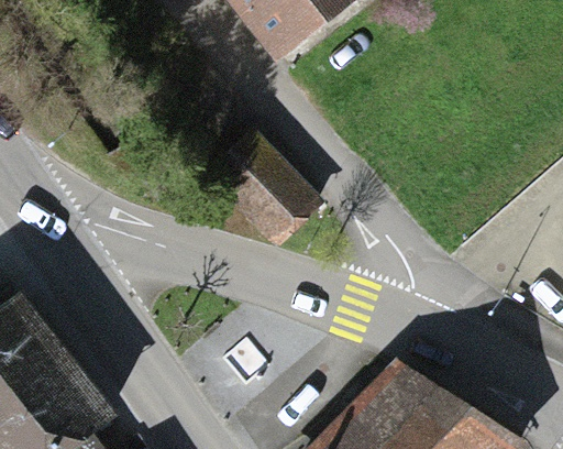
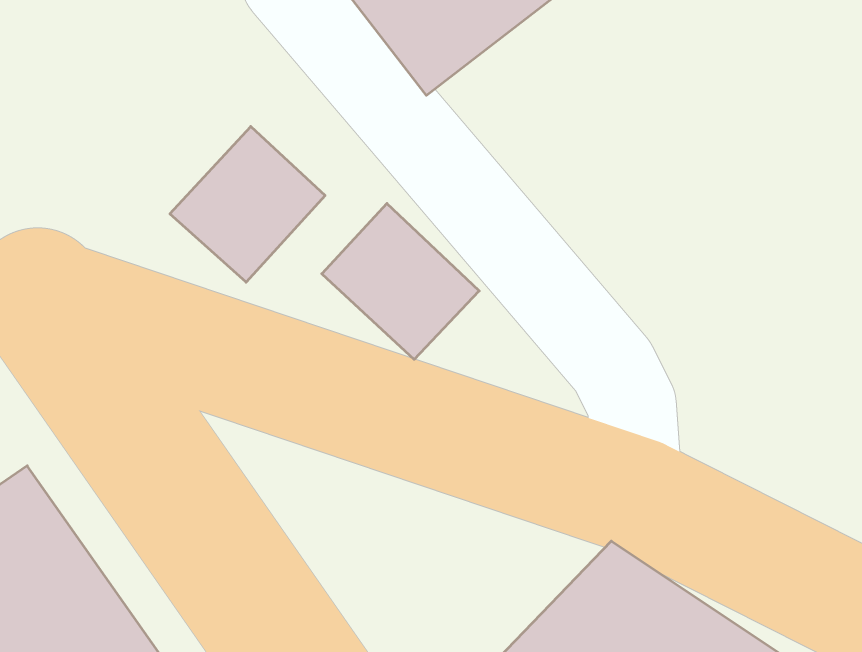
building: none -> [170,126,325,282]

